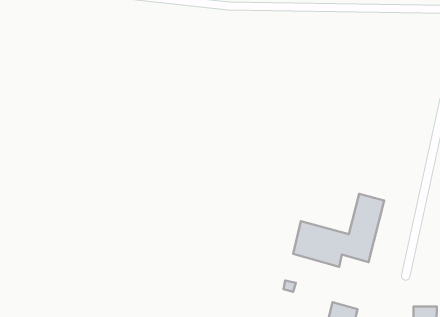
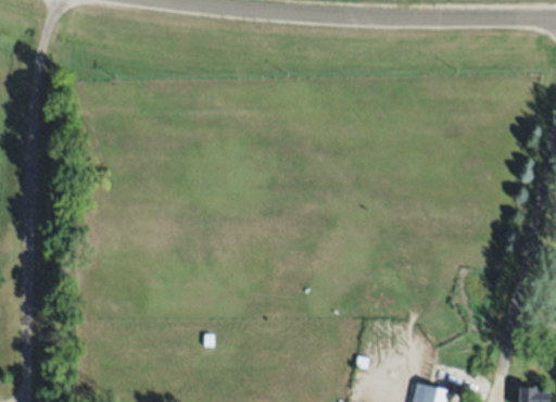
building: [293,194,384,267] -> none

